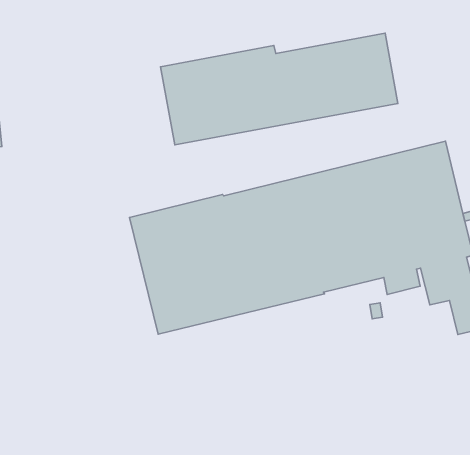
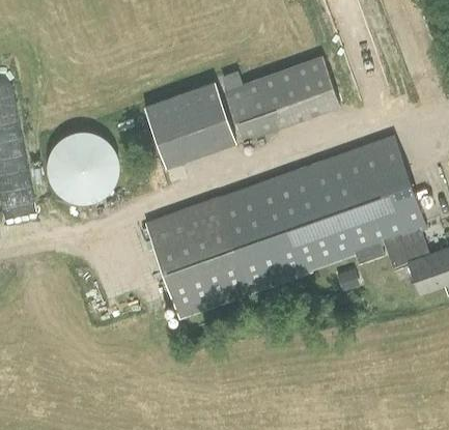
building: none -> [45,132,117,204]

